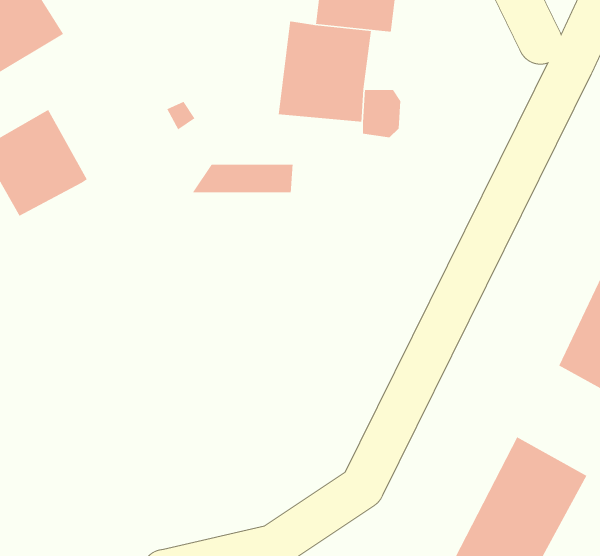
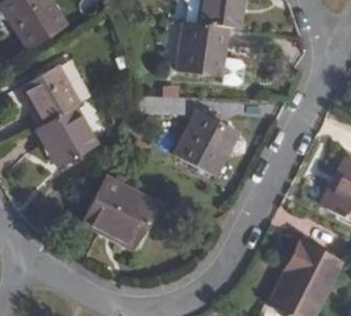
building: none -> [36,106,97,167]
building: none -> [174,108,238,173]
building: none -> [90,180,155,233]

